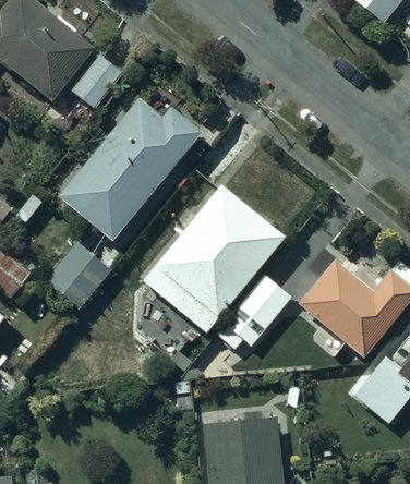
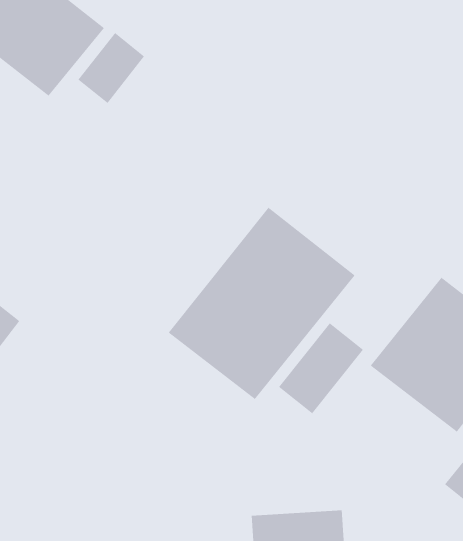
building: [63,90,201,240] -> none
building: [47,241,113,308] -> none

